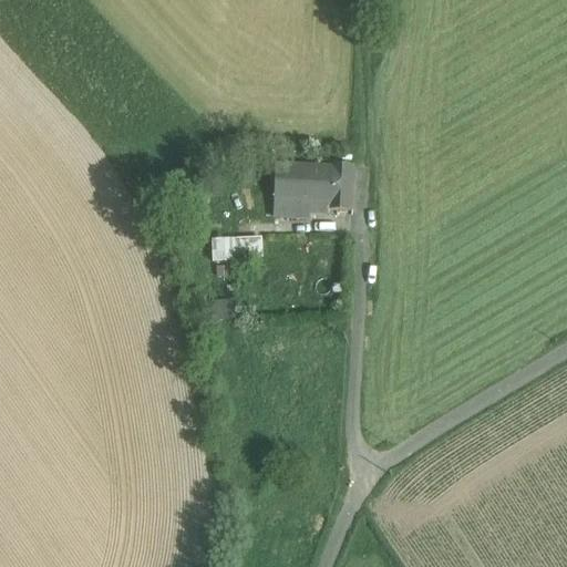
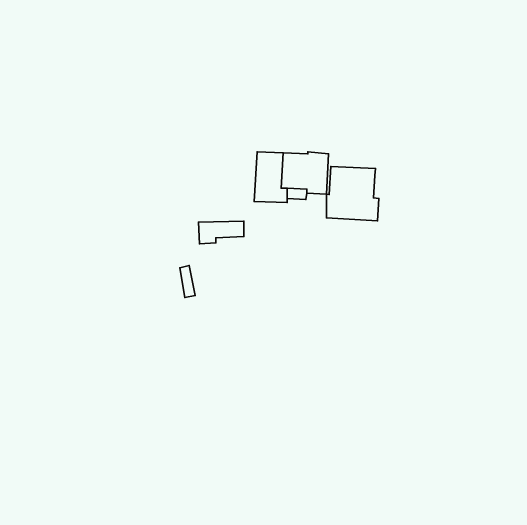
building: none -> [327,166,379,221]

